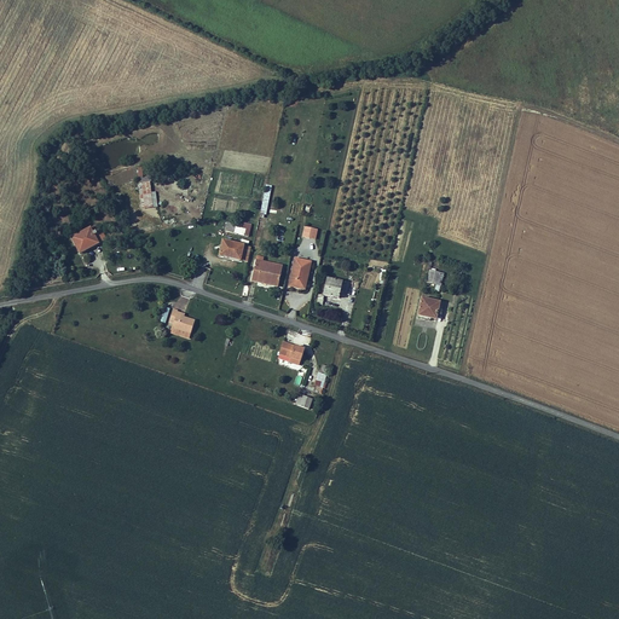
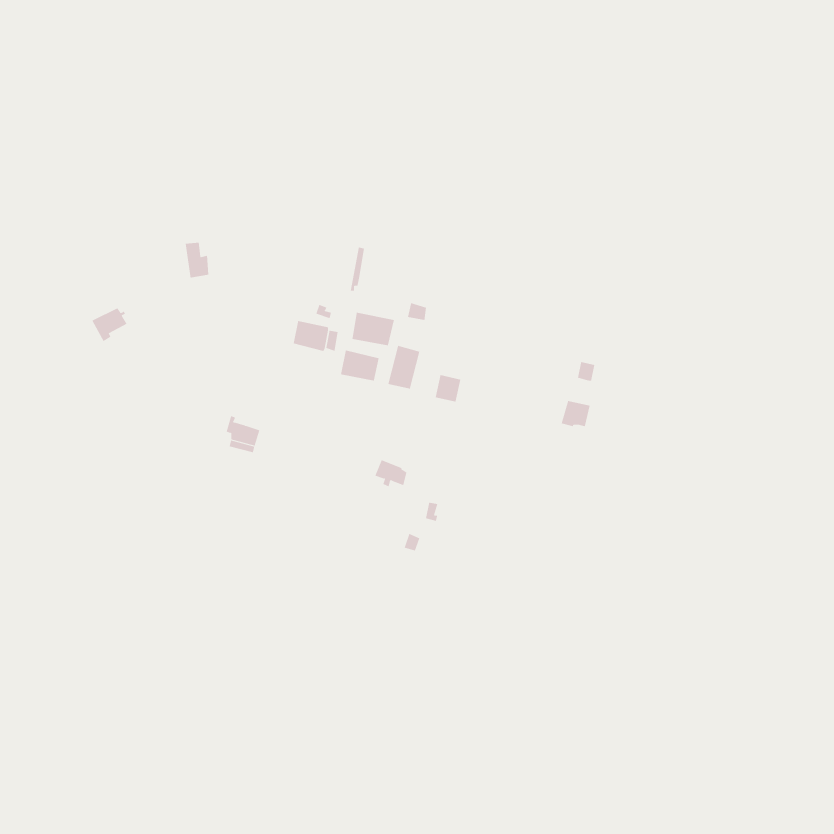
building: none -> [352,312,394,346]

